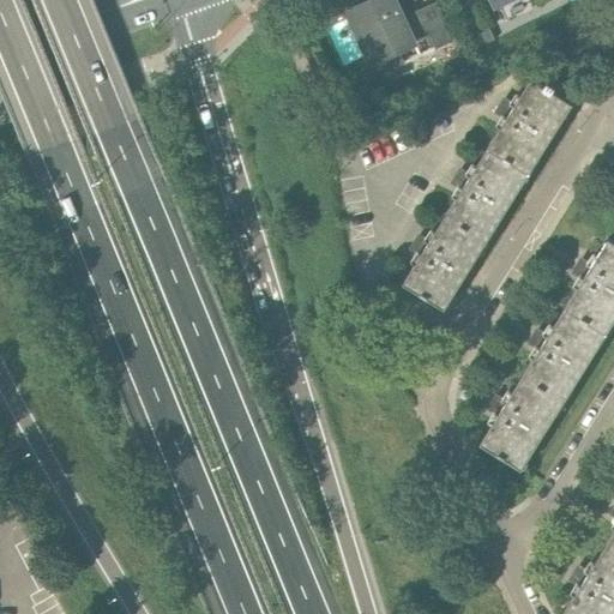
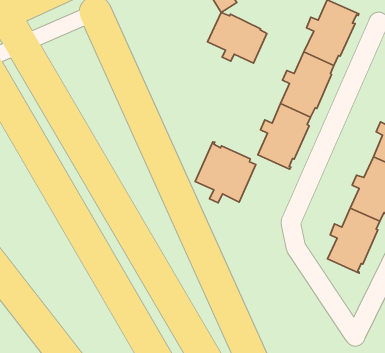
building: none -> [208,12,267,63]
building: none -> [195,142,256,203]

